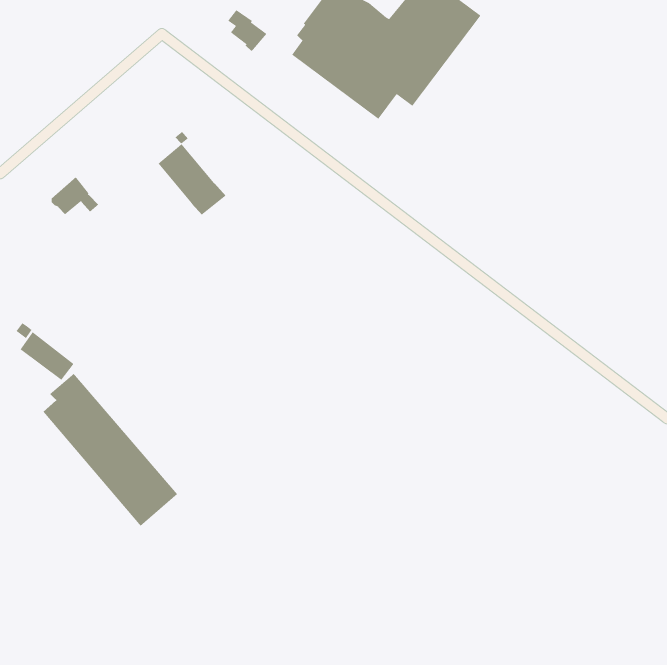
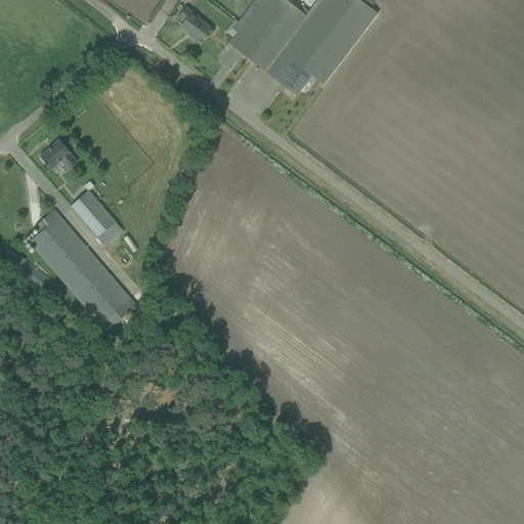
building: [157,131,227,215] -> [70,180,124,247]
building: [43,373,178,527] -> [30,210,136,331]

